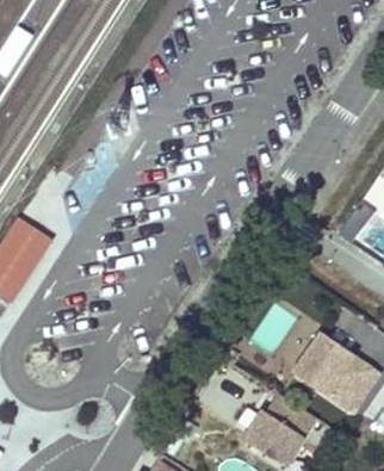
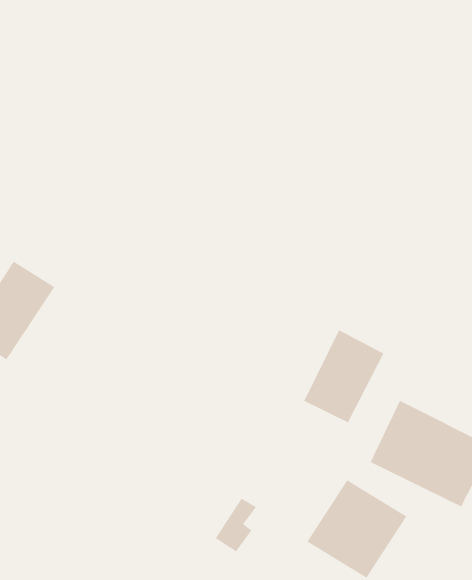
building: none -> [304,329,384,423]

